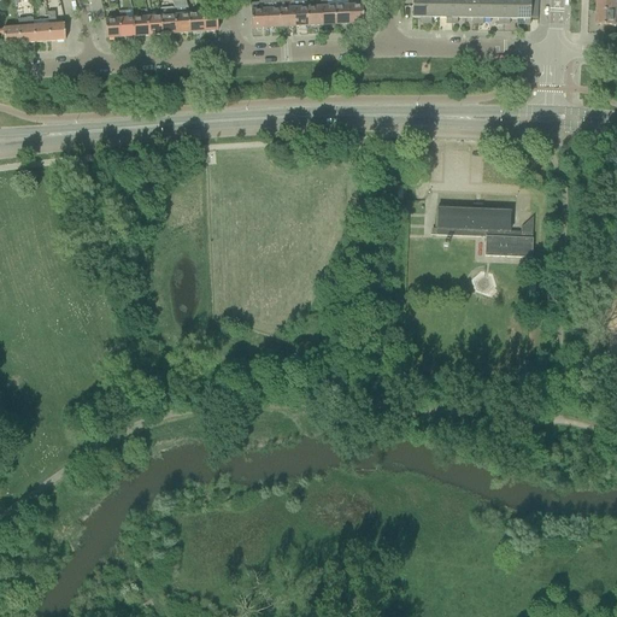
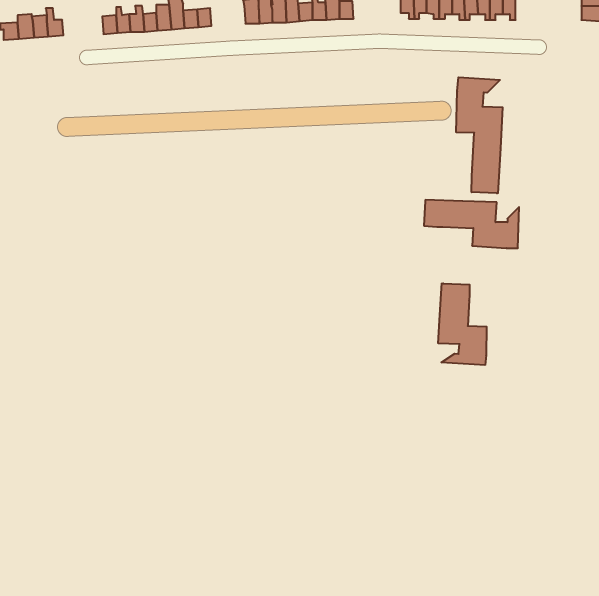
building: none -> [456,77,503,193]
building: none -> [438,283,487,365]

